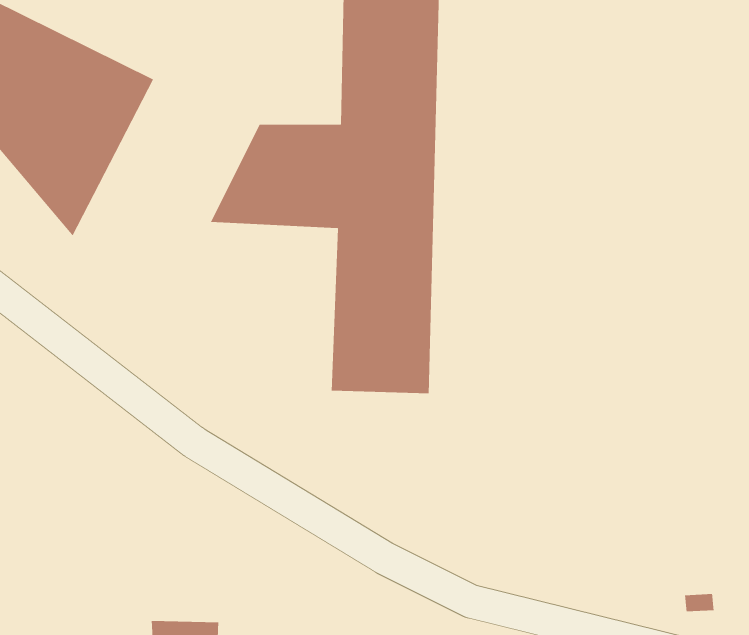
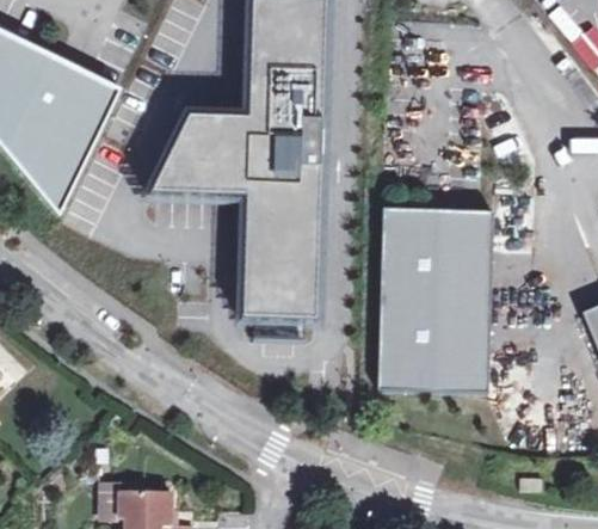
building: none -> [372,203,487,387]

